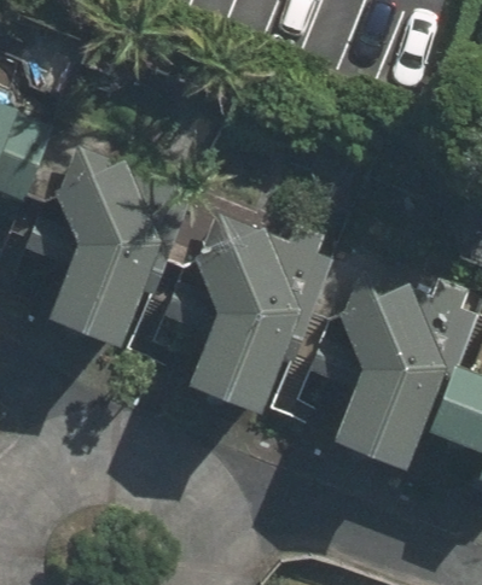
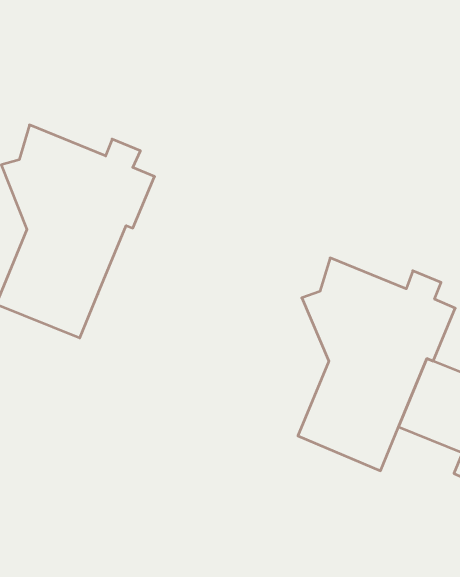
building: [185,216,333,415] -> none

